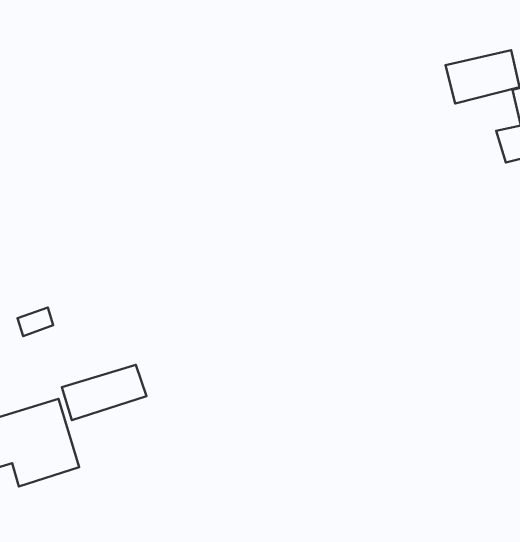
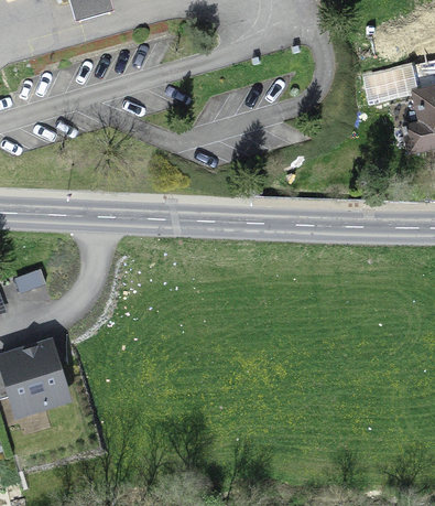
building: [62,365,147,420] -> none

